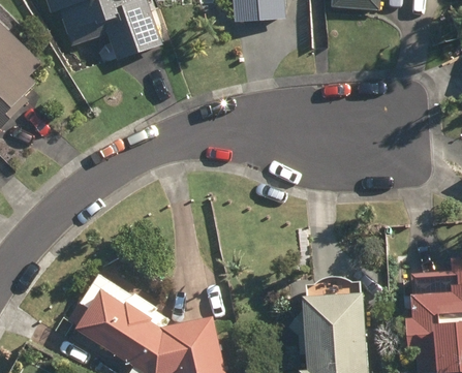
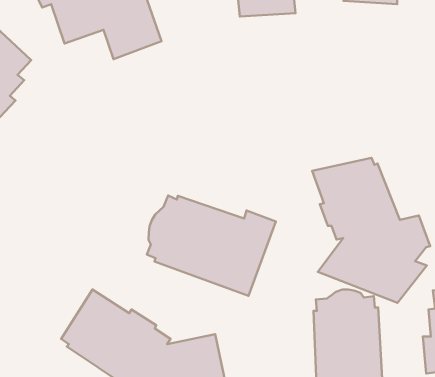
building: none -> [312,158,430,303]
building: none -> [147,196,276,296]

